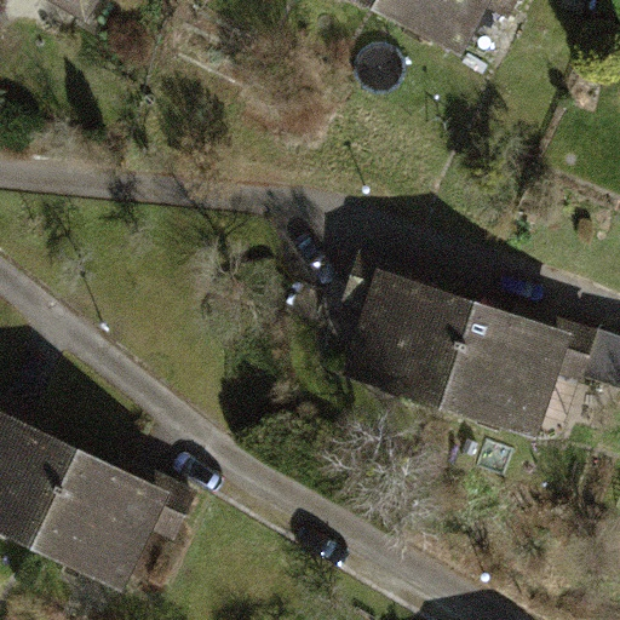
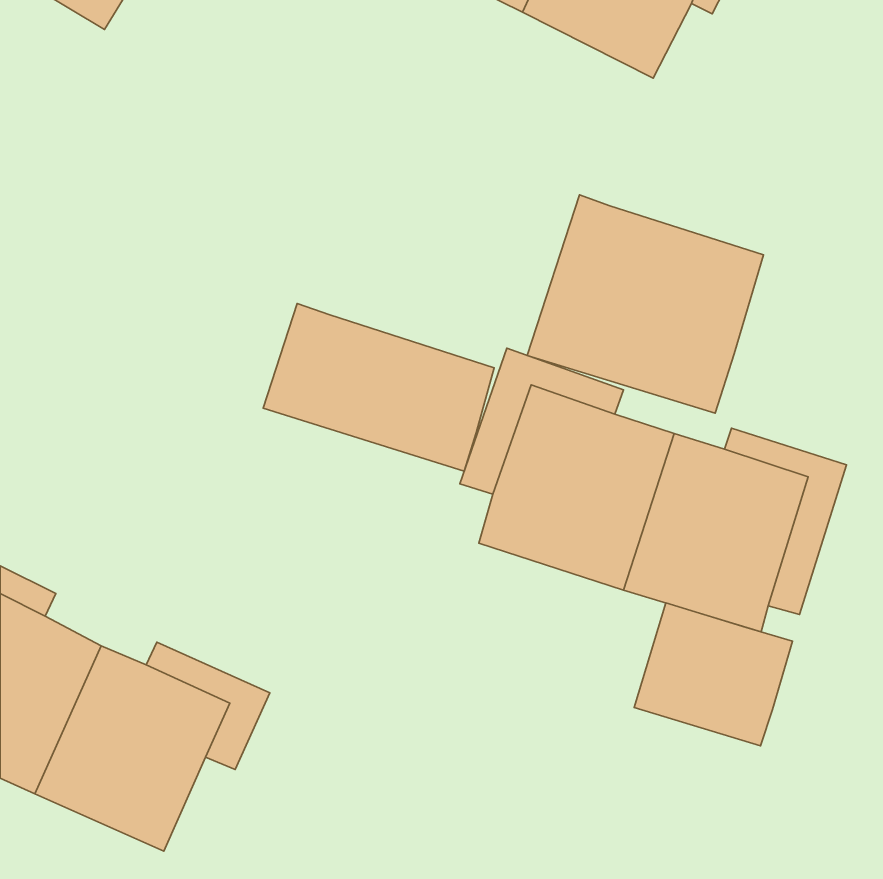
building: none -> [527,195,763,413]
building: none -> [263,304,494,471]
building: none -> [634,603,792,746]

